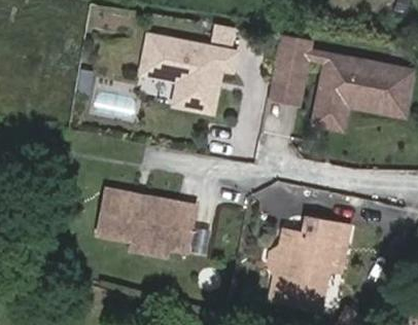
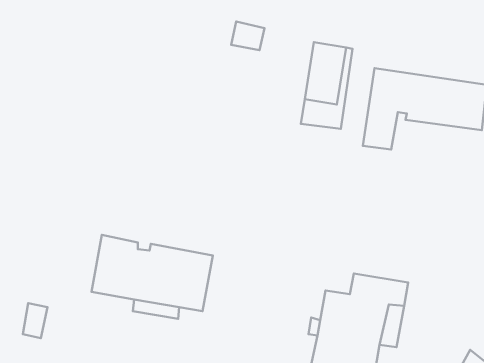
building: [142,34,238,112] -> none

